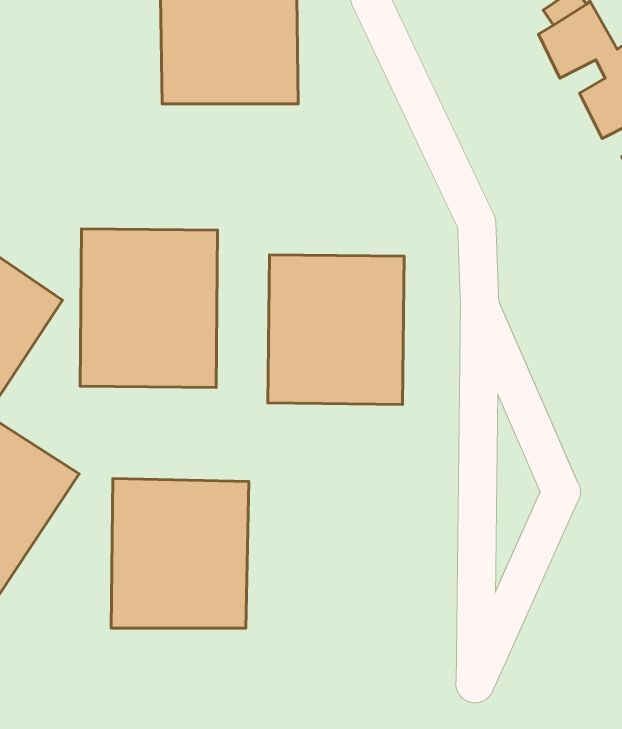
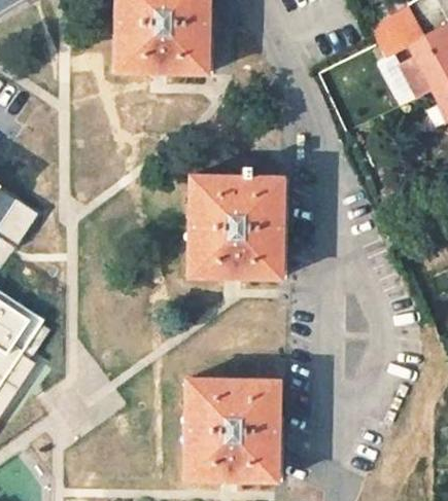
building: [80,229,218,387] -> none
building: [111,479,249,628] -> [182,379,276,480]

